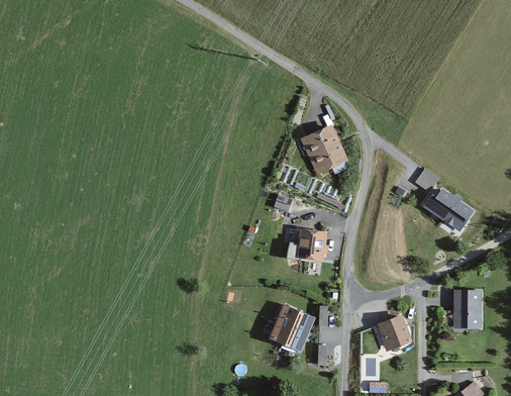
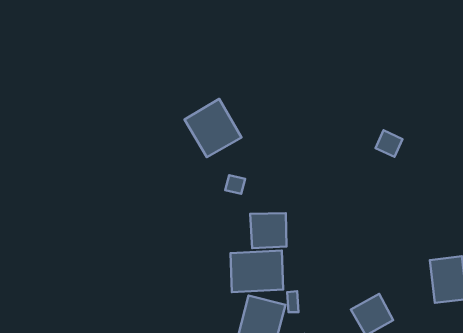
building: [298,124,347,176] -> [185,99,241,157]
building: [422,187,474,232] -> none
building: none -> [230,251,283,292]

